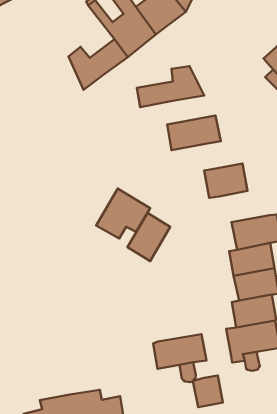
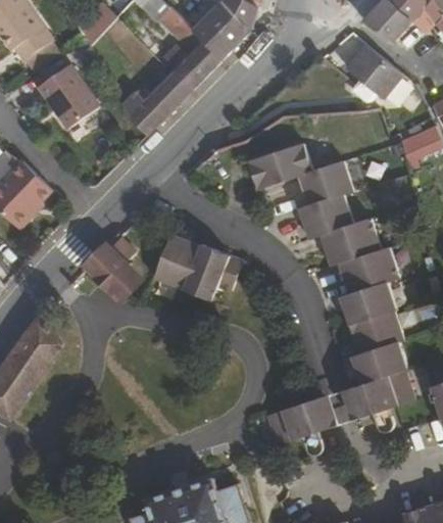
building: none -> [46,66,100,131]
building: [137,66,204,107] -> none
building: none -> [297,161,351,205]
building: none -> [87,236,139,298]
building: none -> [319,219,381,267]
building: [127,213,170,261] -> [154,234,200,289]
building: [193,375,223,407] -> [322,387,359,427]

